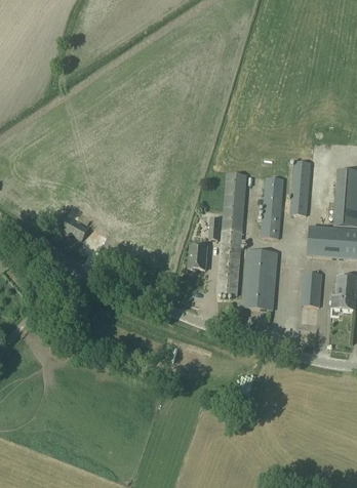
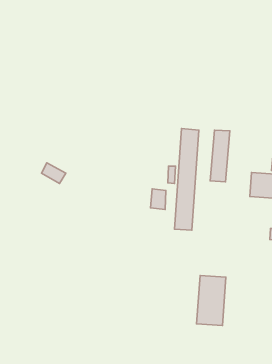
building: [289,160,310,214] -> none
building: [243,250,278,310] -> [197,276,226,326]
building: [301,272,321,306] -> none

